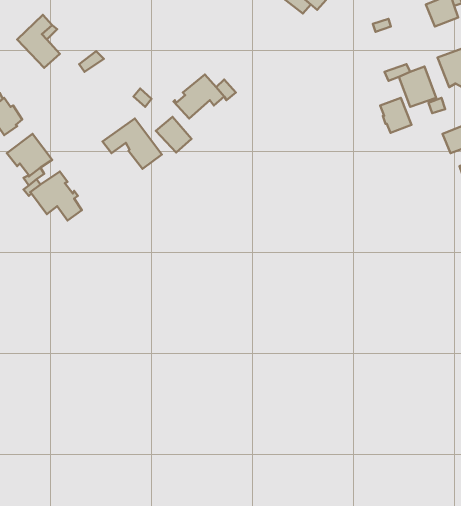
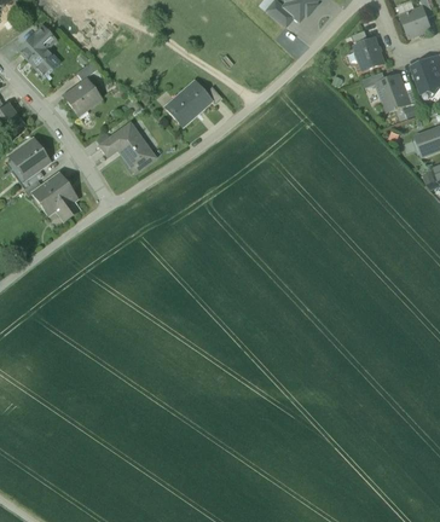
building: none -> [64,79,100,109]
building: [380,98,411,133] -> [354,37,383,70]
building: [156,117,191,153] -> none

